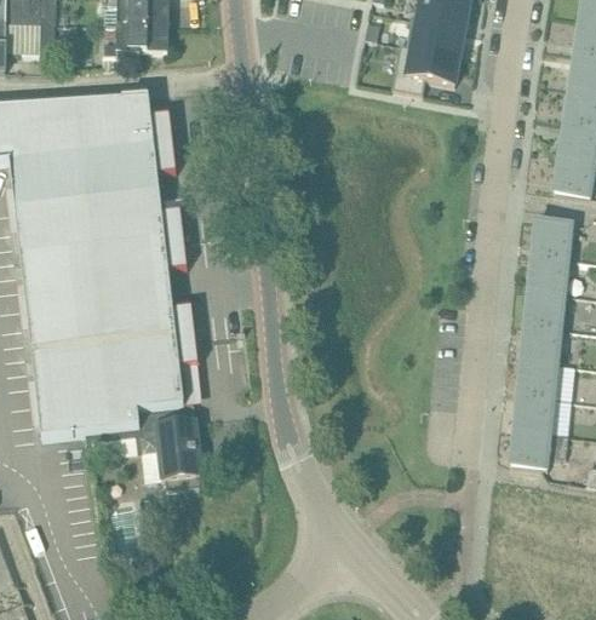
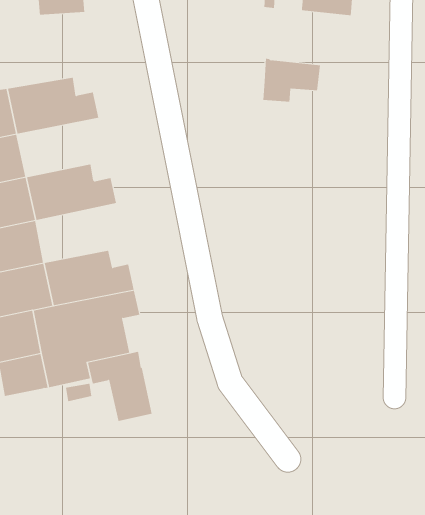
building: [103,21,168,53] -> none
building: [392,39,460,90] -> [262,58,321,102]
building: [81,139,176,197] -> none
building: [93,235,188,293] -> none

